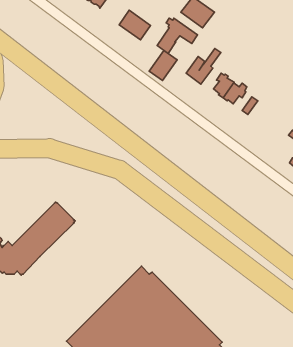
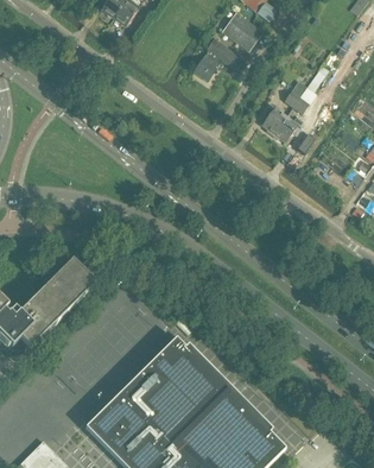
building: [119,10,151,40] -> none
building: [186,49,221,84] -> [284,70,325,113]
building: [149,51,177,80] -> none

